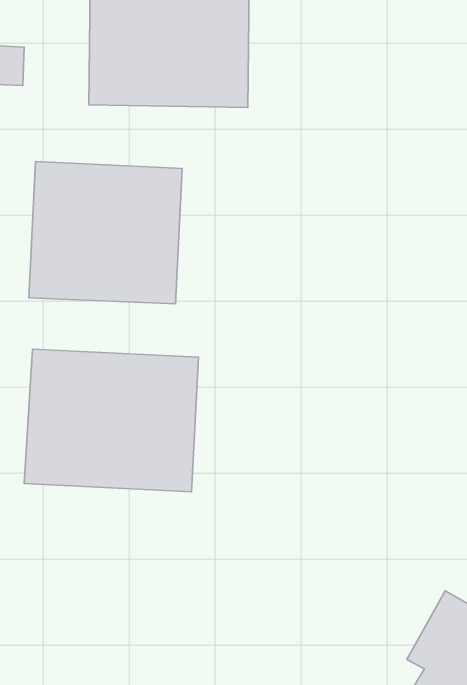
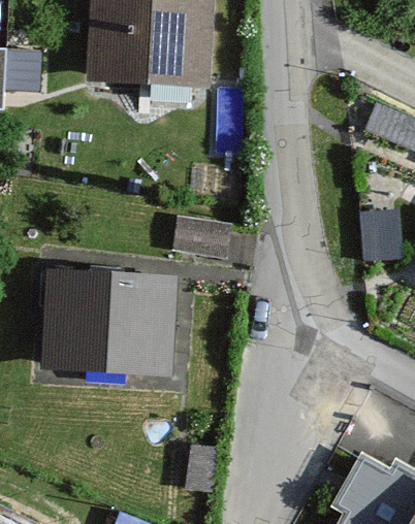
building: [29,161,182,304] -> none

